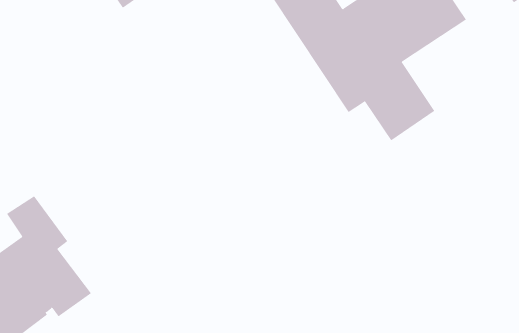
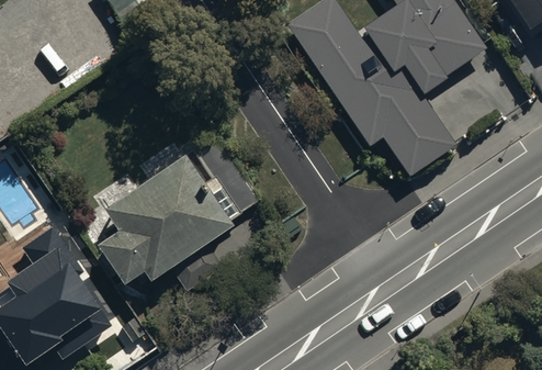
building: none -> [92,132,256,295]

